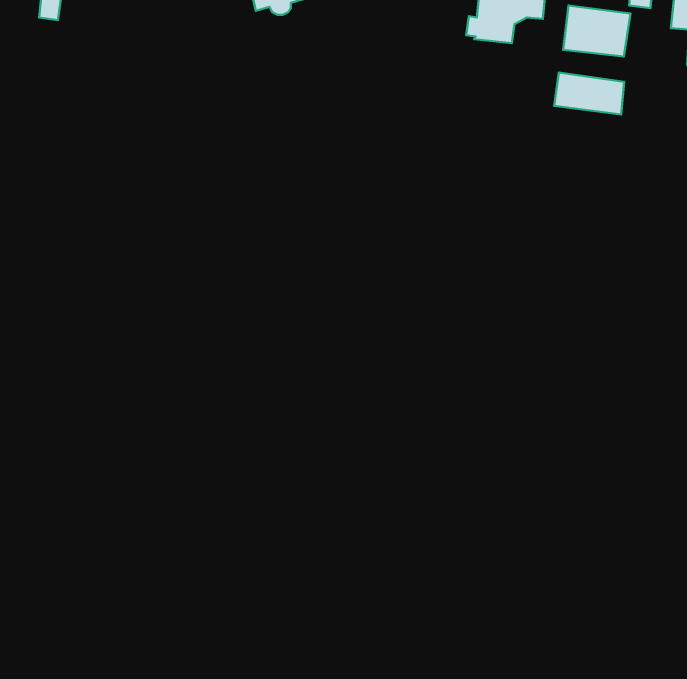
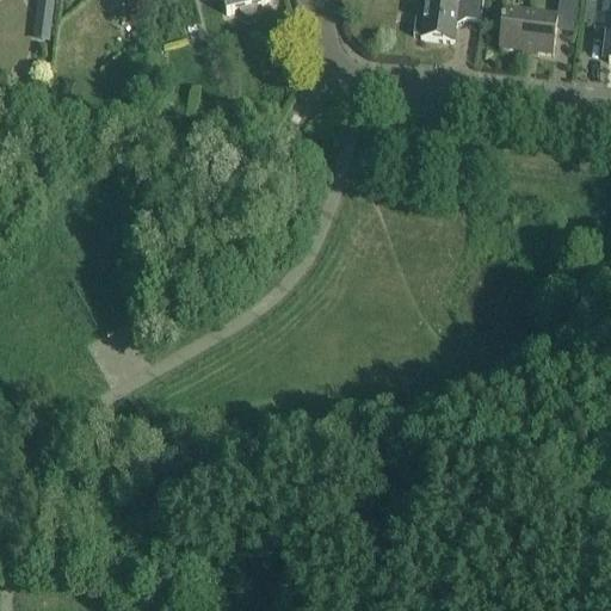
building: [554,73,624,115] -> none

